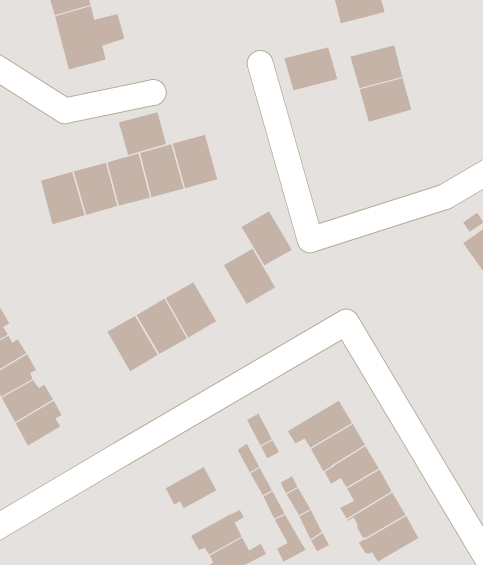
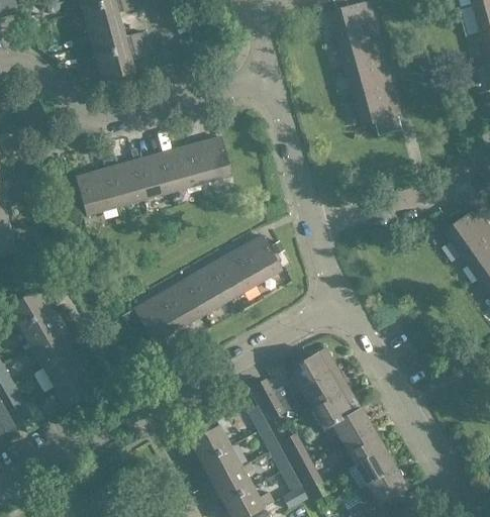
building: [283,47,338,91] -> [337,29,385,68]
building: [118,112,167,156] -> none
building: [241,210,293,266] -> [210,249,256,298]
building: none -> [285,346,336,394]
building: none -> [199,445,241,485]

